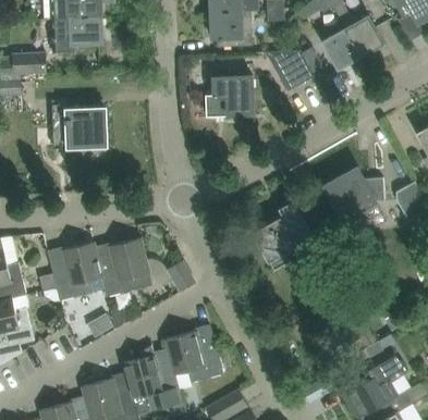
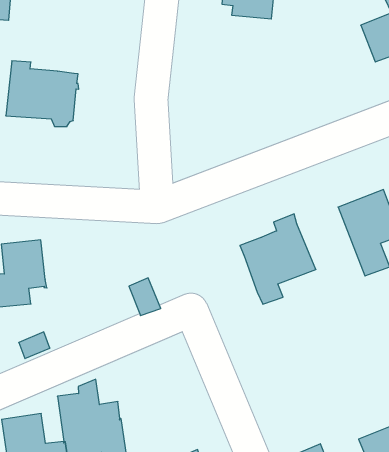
building: [266,50,314,90] -> none
building: [207,75,254,122] -> none
building: [101,237,152,296] -> none
building: [164,331,223,382] -> none

